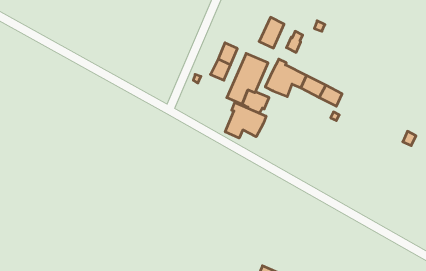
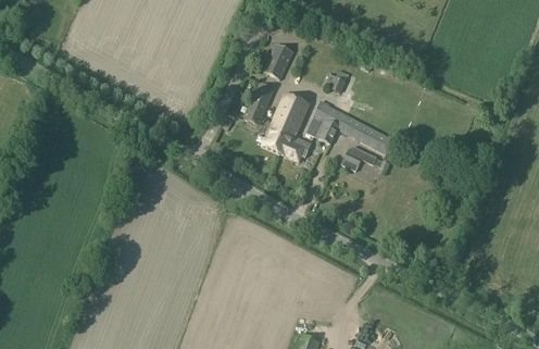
building: [259,17,284,48] -> [265,43,293,78]
building: none -> [344,145,379,170]
building: [225,103,266,138] -> none

